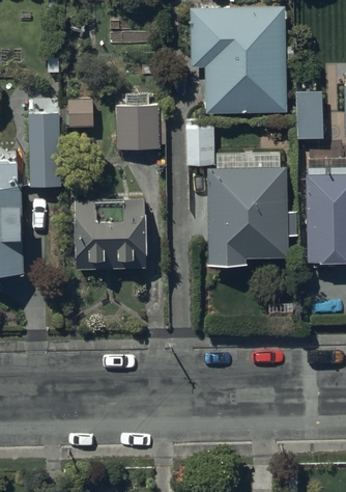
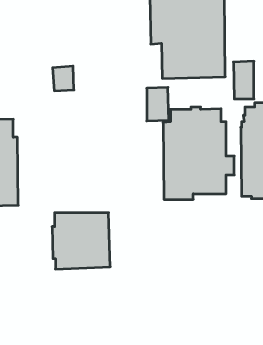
building: [116,91,167,151] -> none
building: [29,112,61,188] -> none
building: [73,200,146,272] -> [52,213,110,269]

